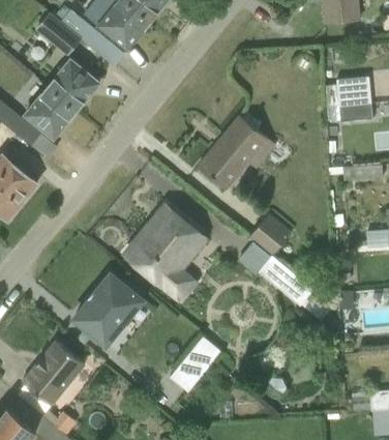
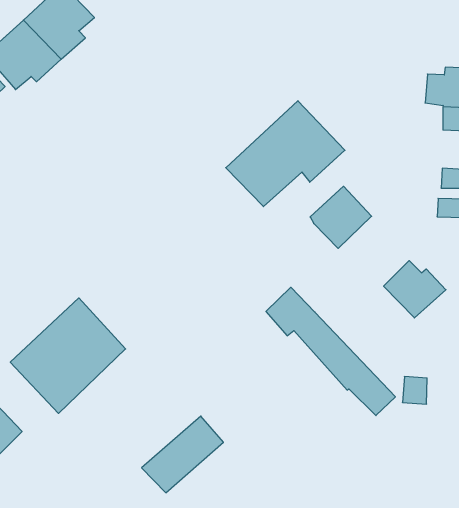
building: [121,201,210,304] -> none
building: none -> [384,261,446,318]
building: [249,213,291,256] -> [310,186,372,248]

